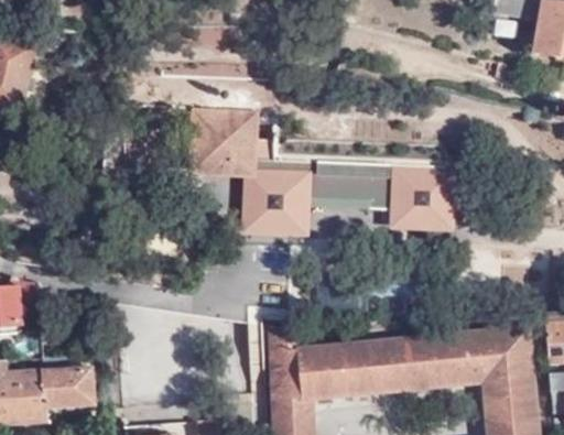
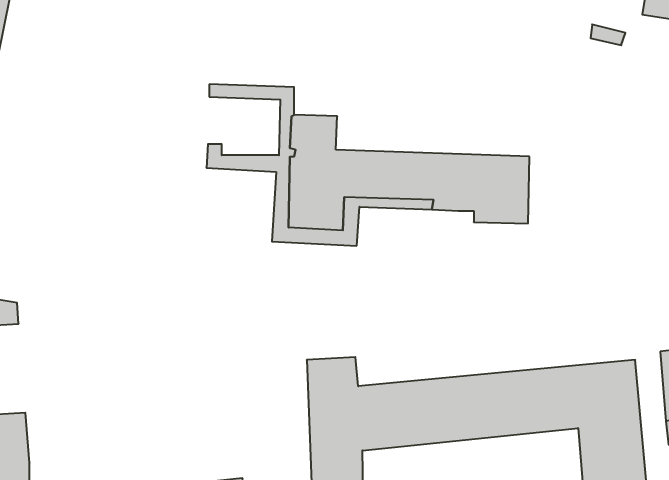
building: [187,119,247,165] -> none
building: [388,166,454,230] -> none
building: [45,366,95,409] -> none

